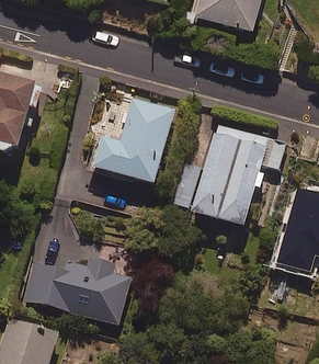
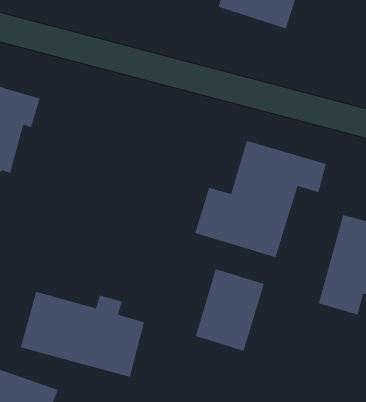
building: [93,98,174,182] -> none
building: none -> [195,268,265,352]

